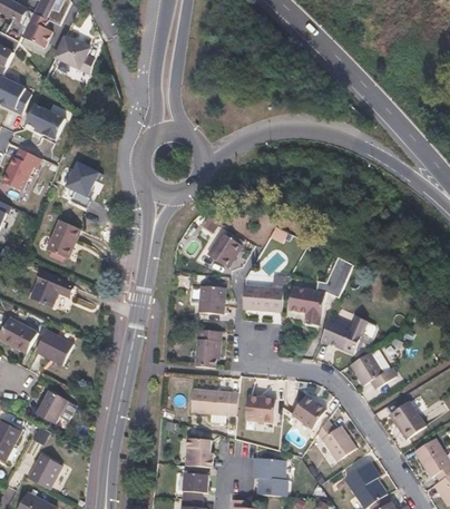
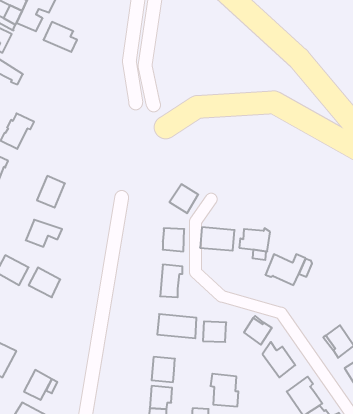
building: [27,104,63,138] -> none
building: [63,160,98,196] -> none
building: [317,257,353,295] -> none
building: [348,348,393,389] -> none
building: [37,392,68,424] -> none

